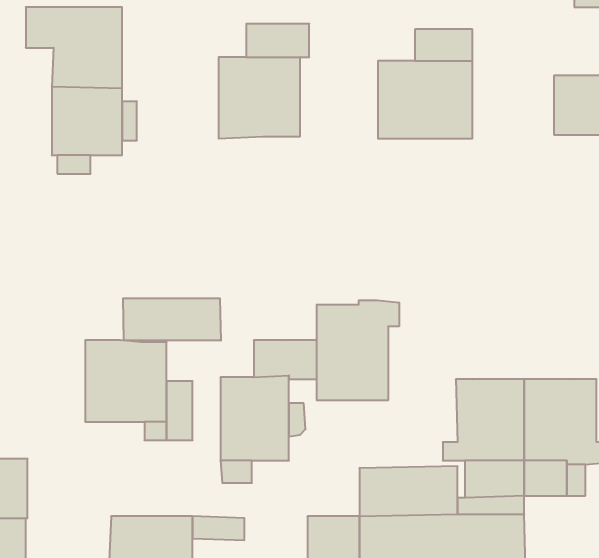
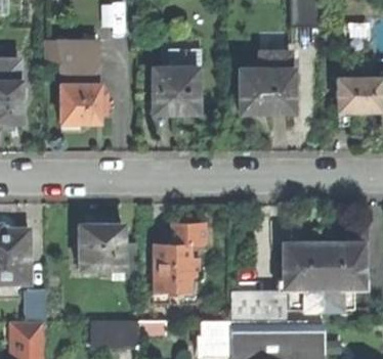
building: [123,298,221,341] -> none
building: [317,300,399,400] -> none

